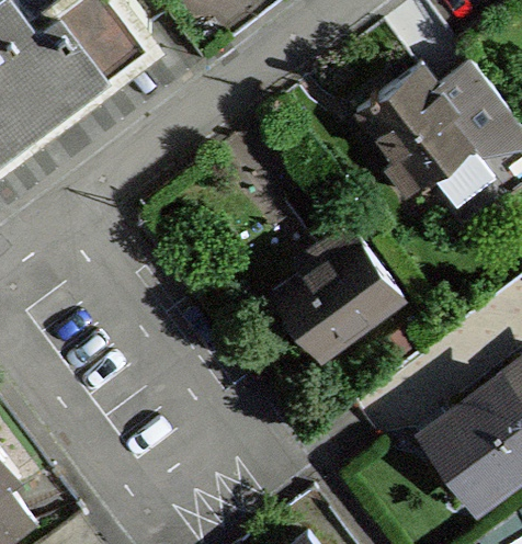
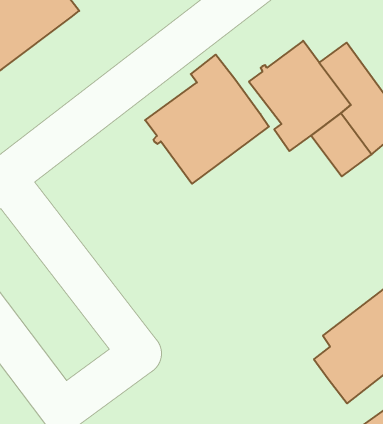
building: none -> [145,55,269,184]
building: [273,229,404,365] -> none

